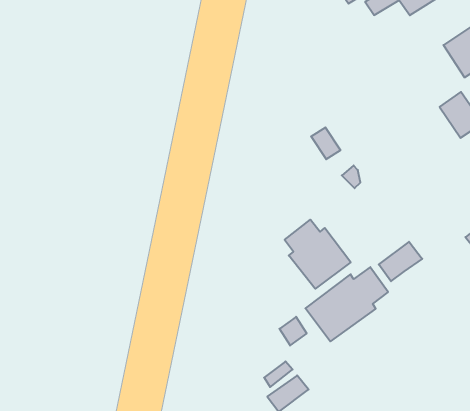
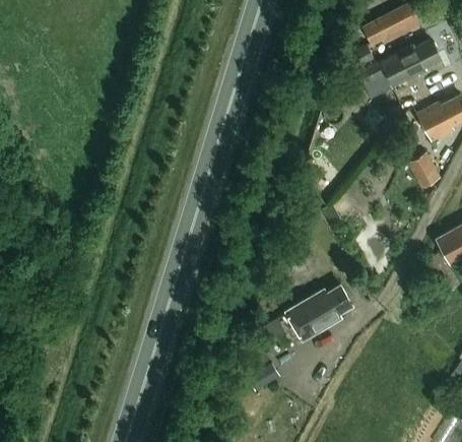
building: [285,220,351,289] -> none
building: [379,242,422,281] -> none

